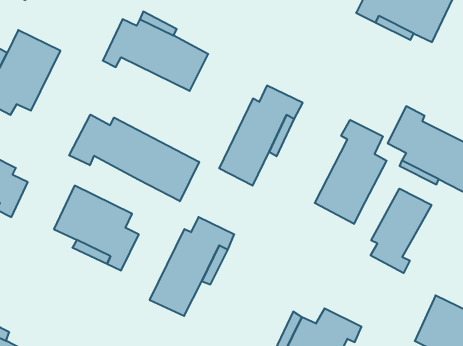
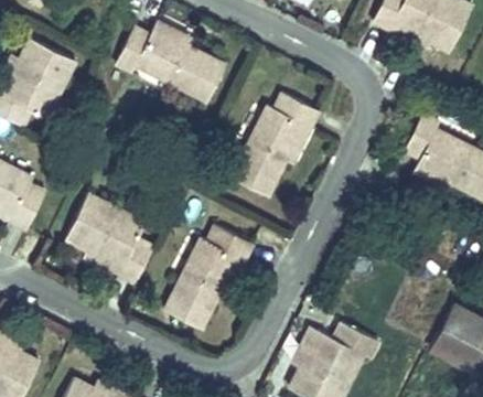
building: [69,115,199,201] -> none
building: [315,120,387,224] -> none
building: [371,189,431,273] -> none

